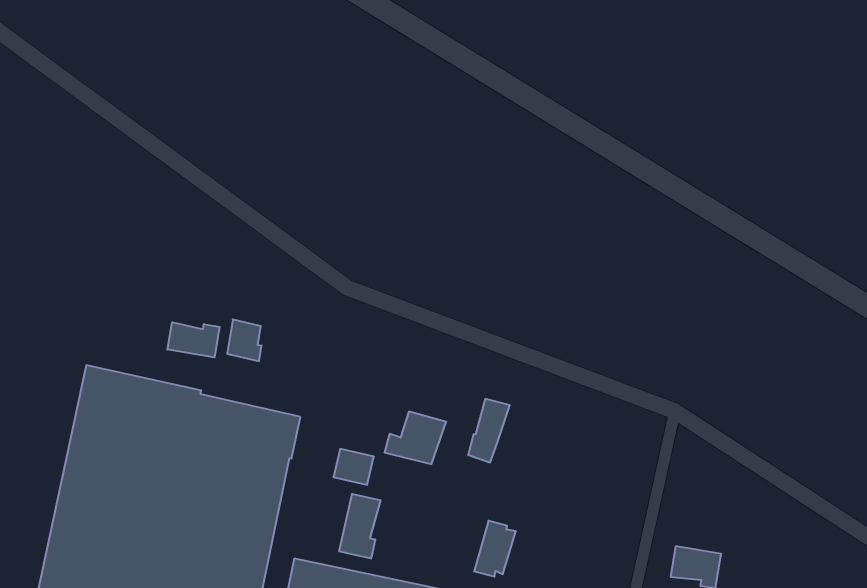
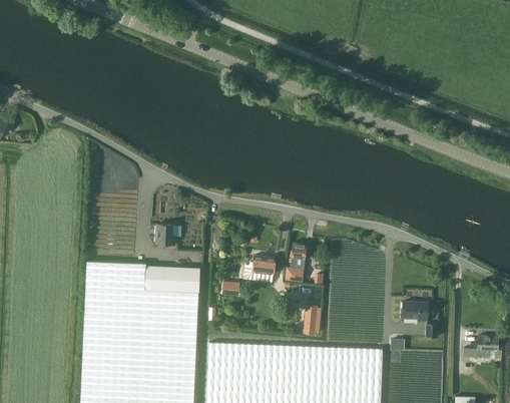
building: [167,322,220,357] -> none
building: [339,494,380,559] -> none

